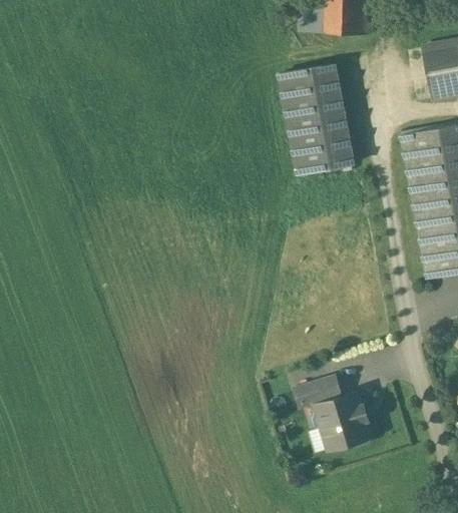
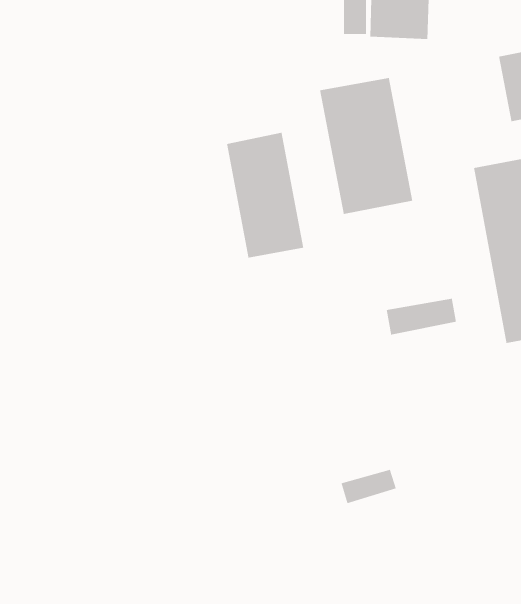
building: none -> [226,132,304,259]
building: none -> [386,298,457,336]
building: [317,392,372,452] -> none

